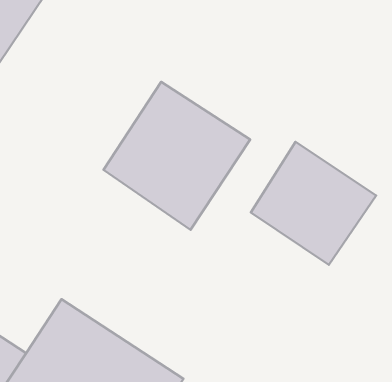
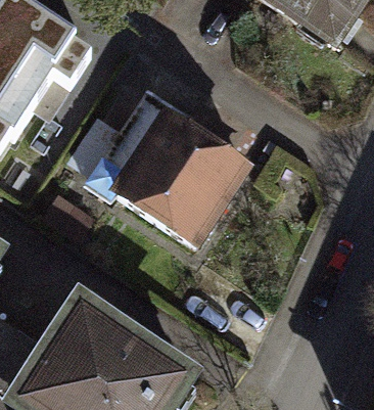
building: [251,142,376,265] -> none

